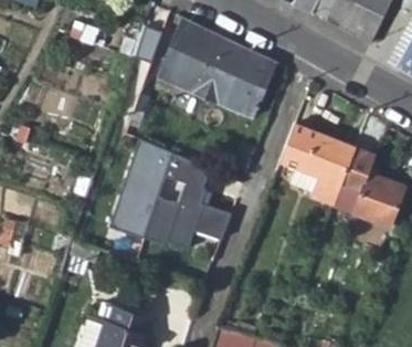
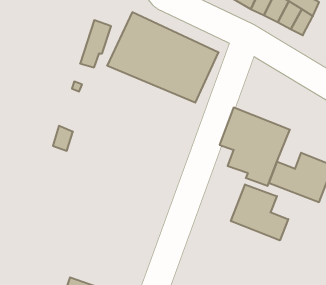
building: [109,137,233,246] -> none
building: none -> [231,184,288,240]

